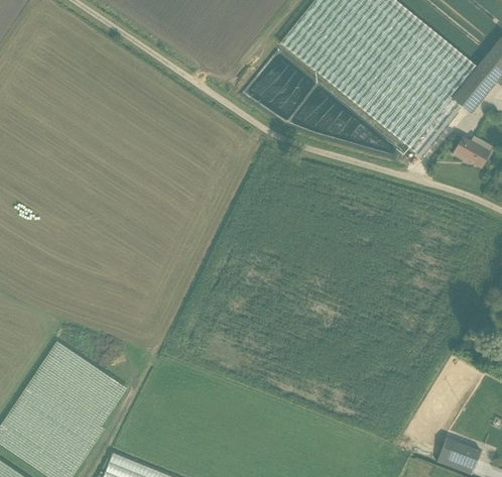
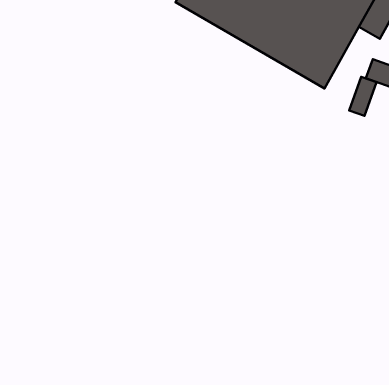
building: none -> [349,77,377,116]

